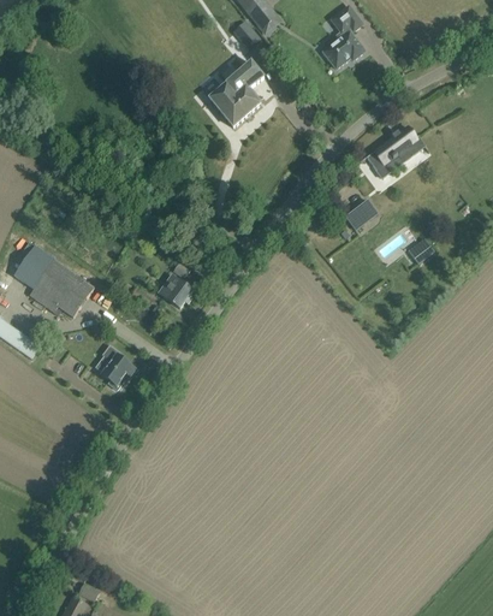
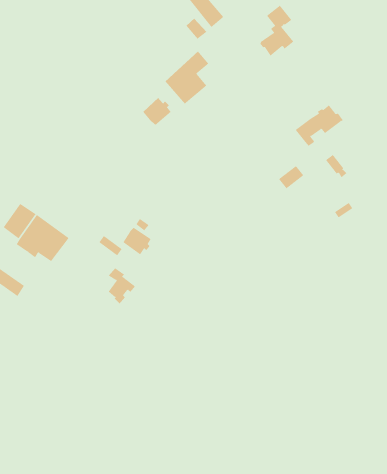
building: none -> [142,97,172,126]
building: [101,345,135,390] -> [108,267,136,304]

